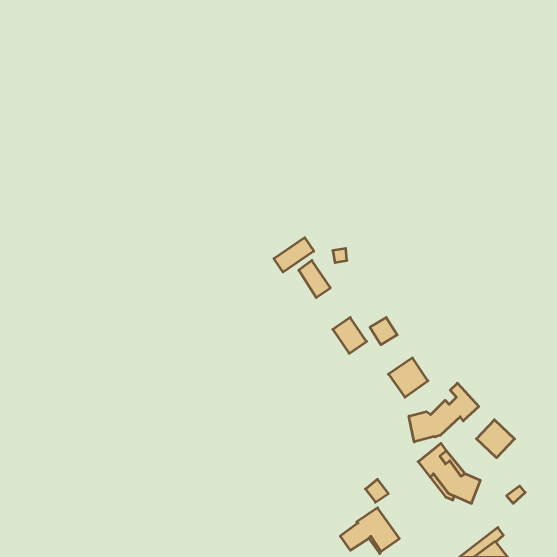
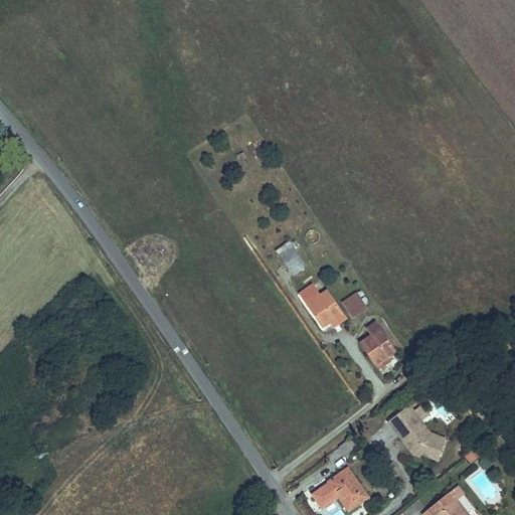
building: [274,238,314,272] -> none
building: [409,383,479,442] -> none
building: [476,420,515,458] -> none

